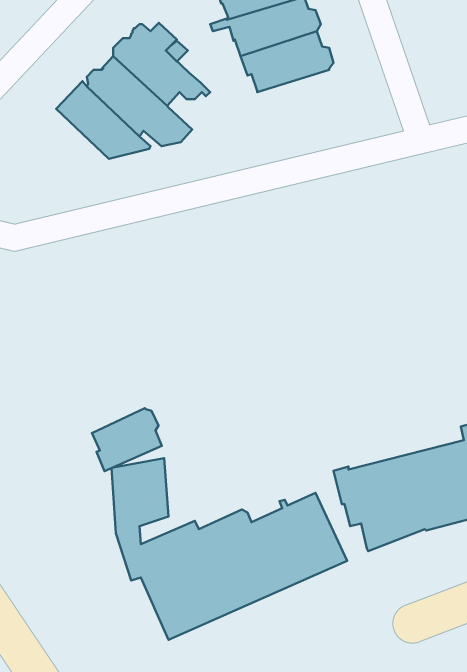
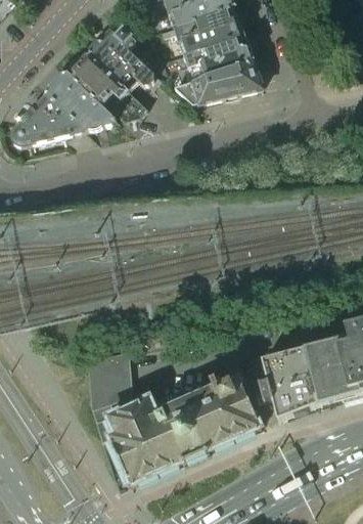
building: none -> [174,61,262,103]
building: none -> [12,92,86,144]
building: [92,408,162,471] -> none

